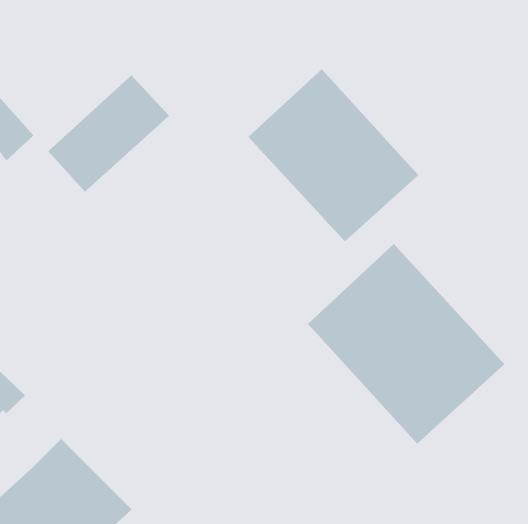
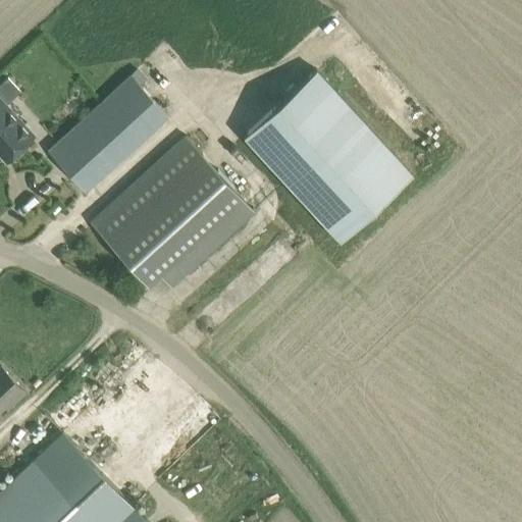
building: none -> [91,139,253,289]
building: [307,243,505,445] -> none

